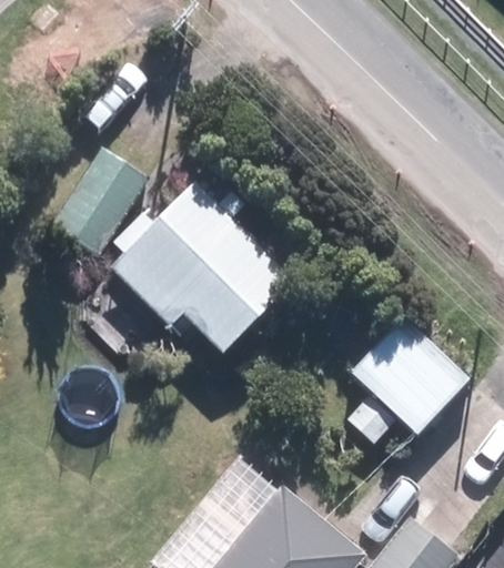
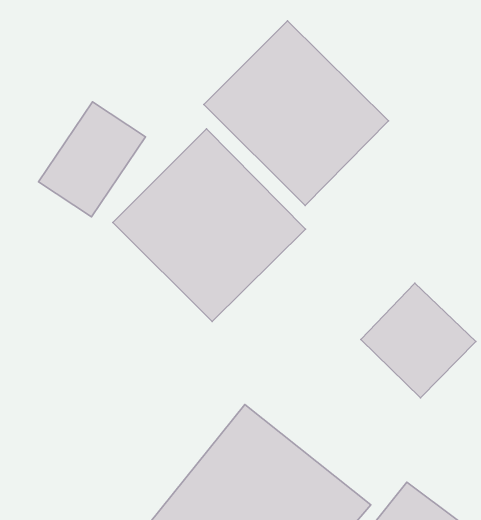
building: none -> [204,21,389,205]

